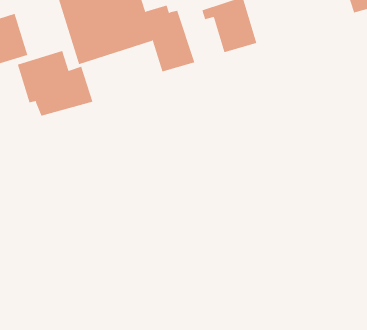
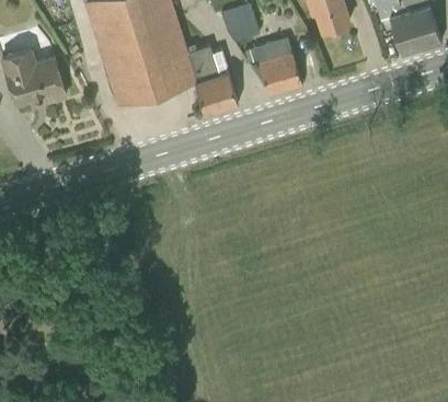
building: [17,50,93,116] -> none

